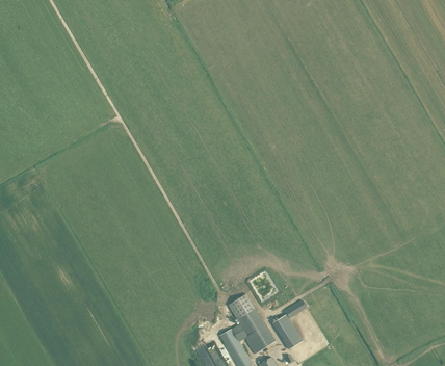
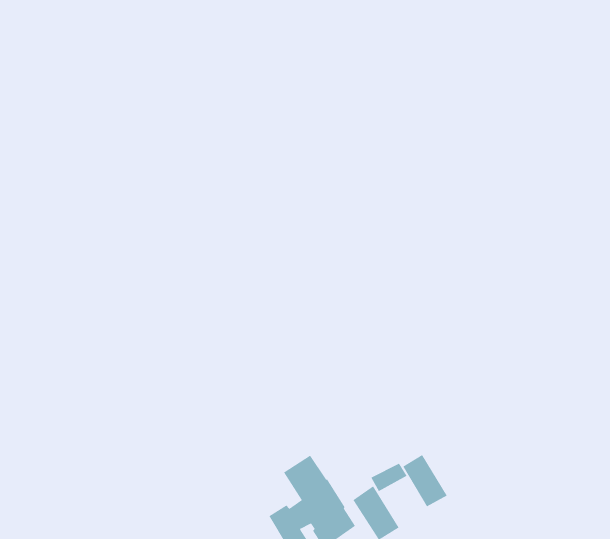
building: none -> [403,454,448,507]

